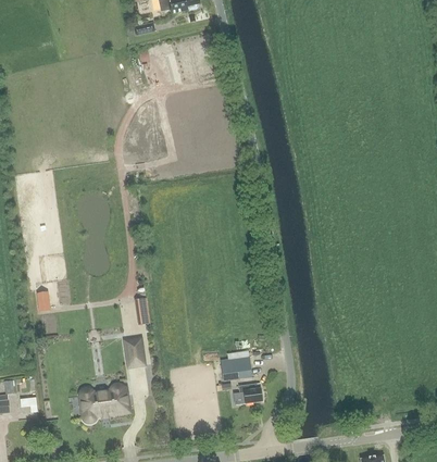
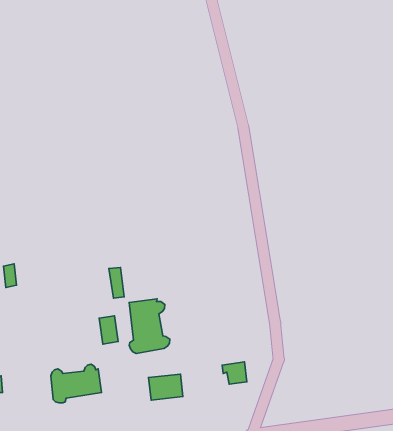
building: none -> [129,299,170,354]
building: [220,355,251,379] -> [149,374,183,400]

